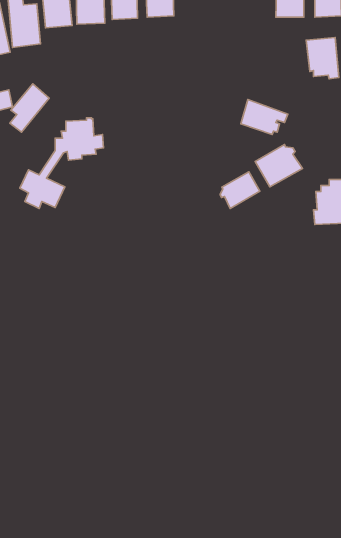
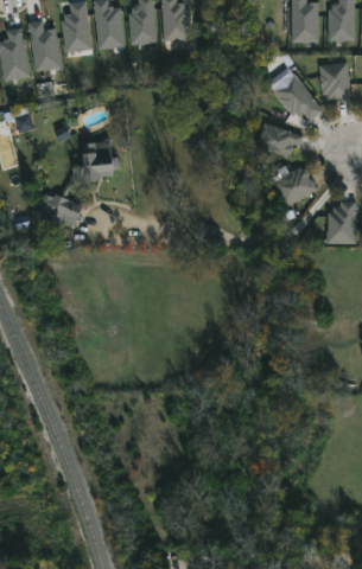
building: none -> [275,75,324,120]
building: [10,84,49,132] -> none
building: [220,172,260,209] -> none

